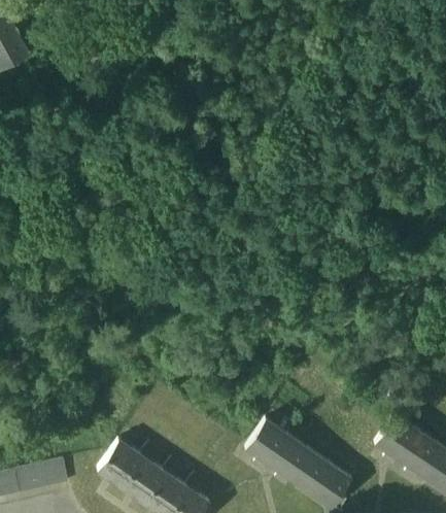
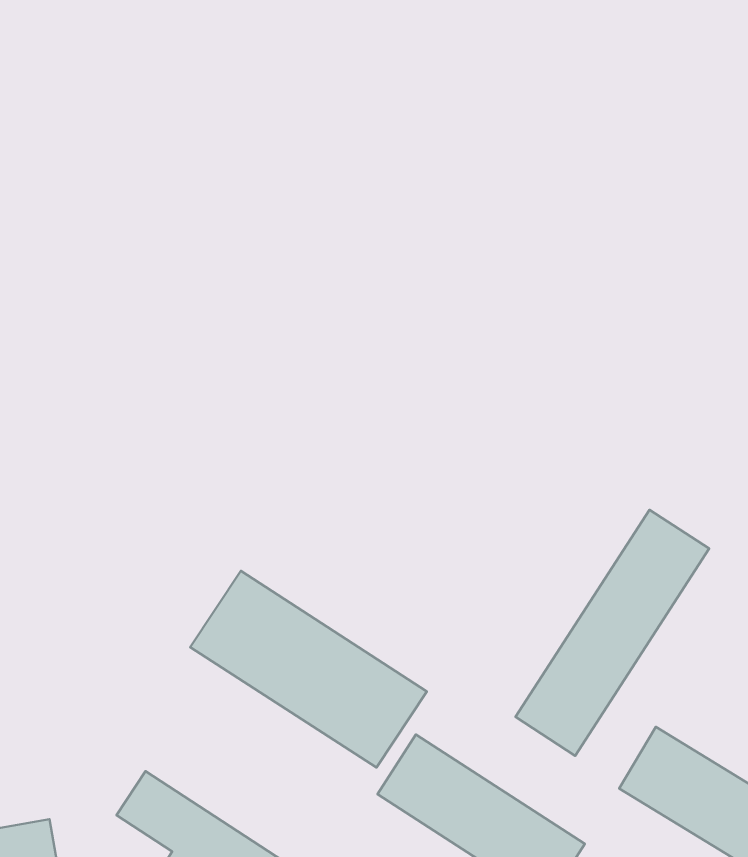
building: none -> [515,510,709,756]
building: none -> [190,571,427,768]

